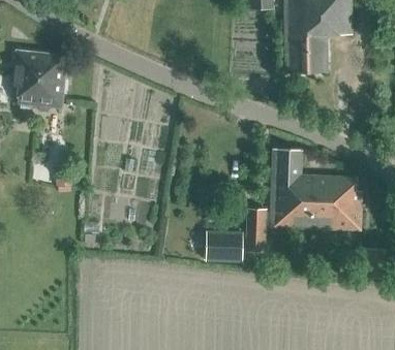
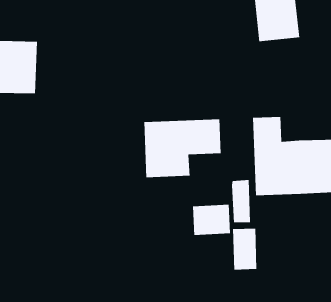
building: none -> [144,119,221,178]
building: none -> [233,228,257,270]

